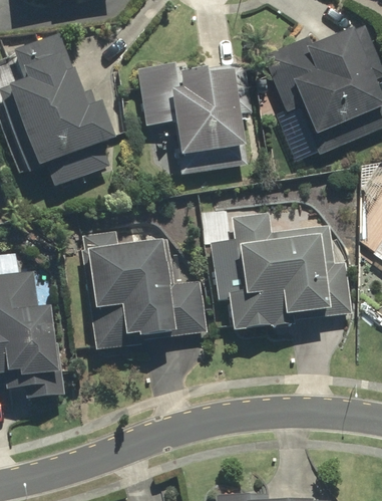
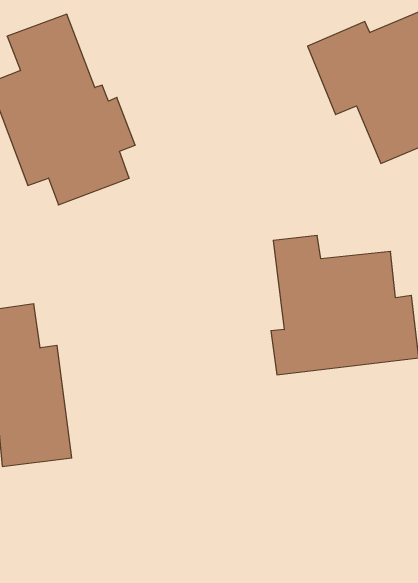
building: [136,62,258,173] -> none
building: [80,229,208,347] -> none

